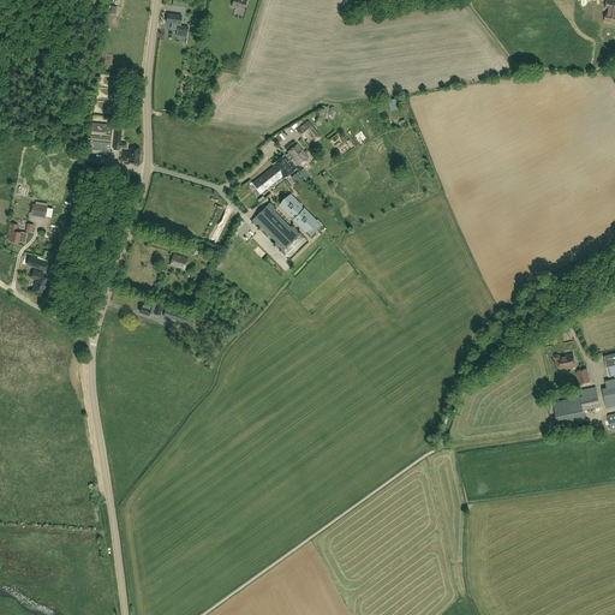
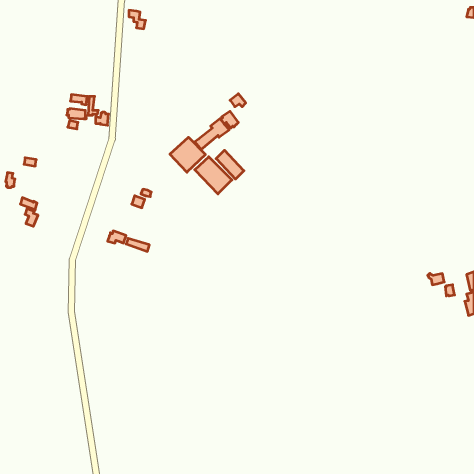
building: none -> [170,137,205,172]
building: [553,387,601,425] -> none

